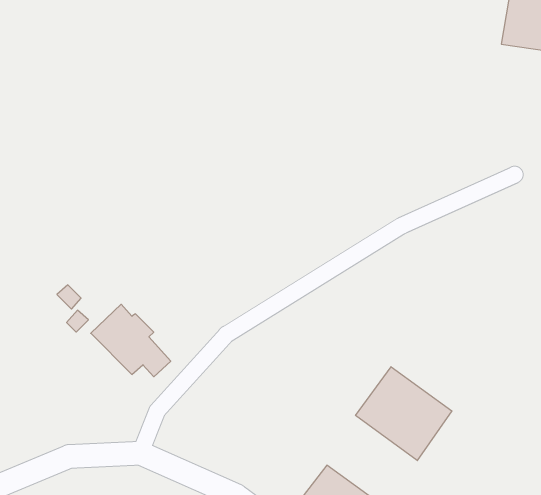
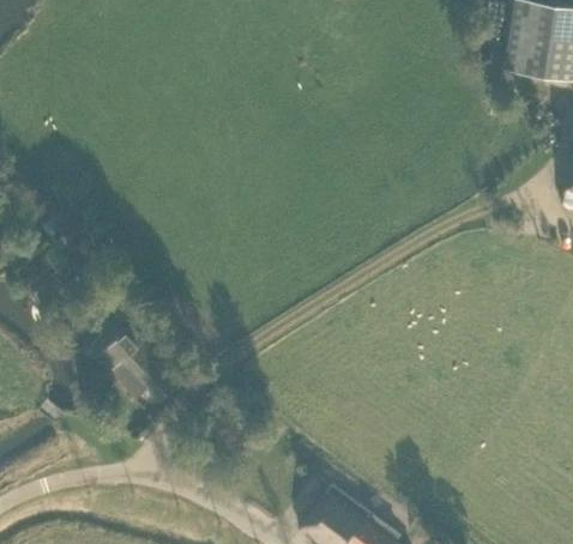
building: [356,367,452,461] -> none

